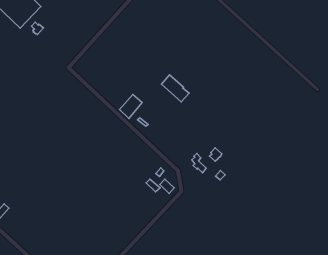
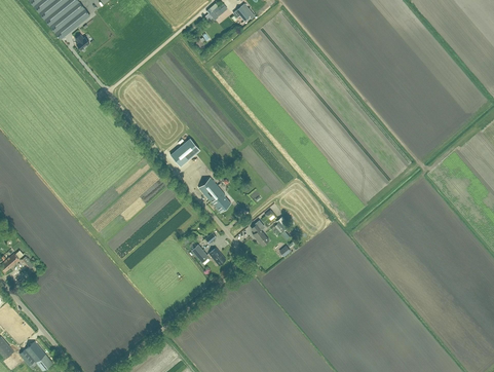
building: [161,75,189,102] -> [198,177,231,212]

